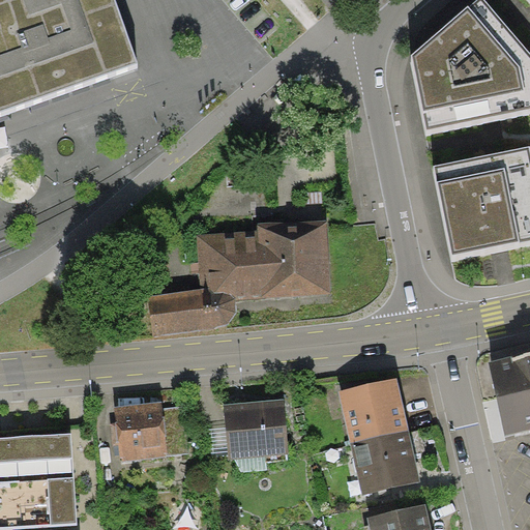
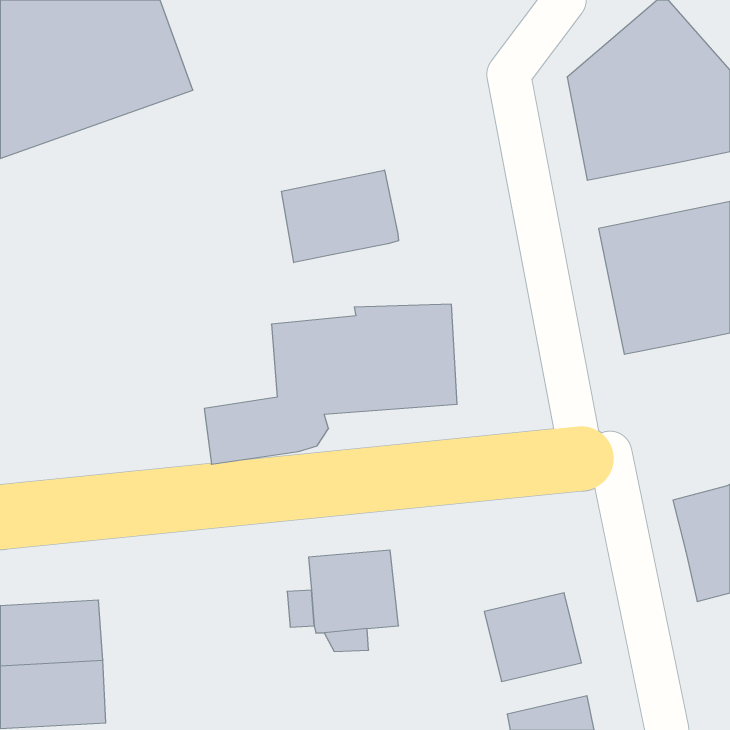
building: none -> [282,170,398,263]
building: [338,378,409,443] -> none
building: [116,403,189,462] -> none

